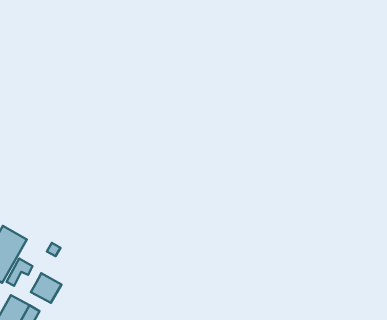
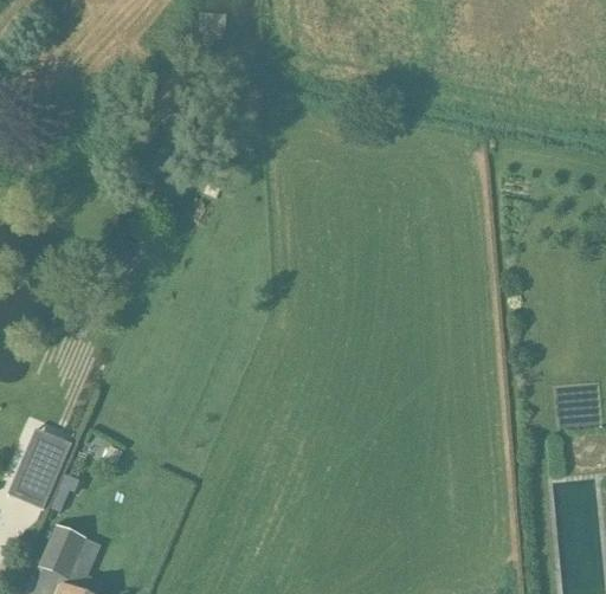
building: [31,273,62,303] -> none

